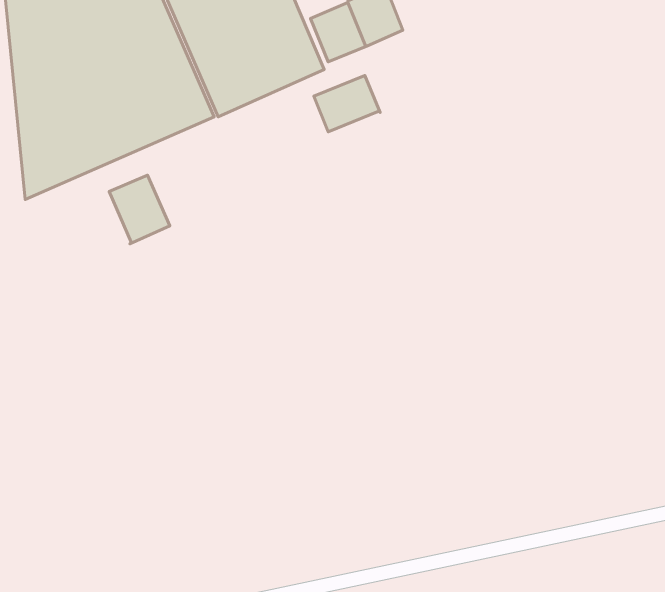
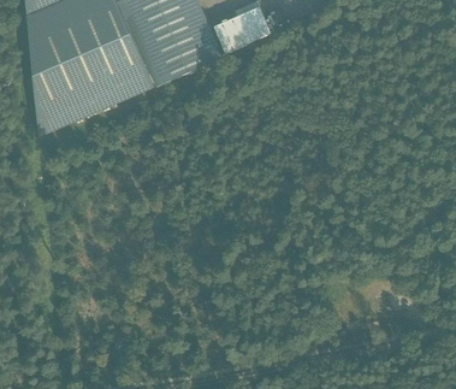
building: [314,75,380,132] -> none
building: [109,175,170,244] -> none

